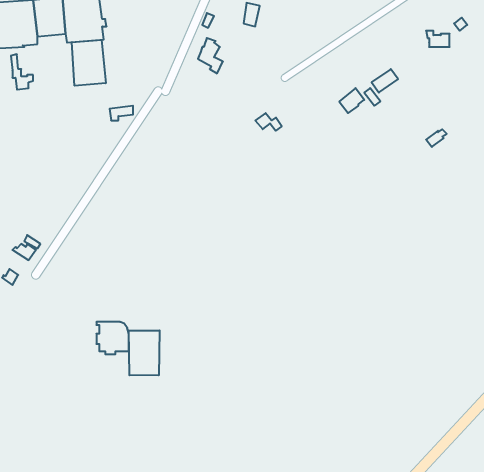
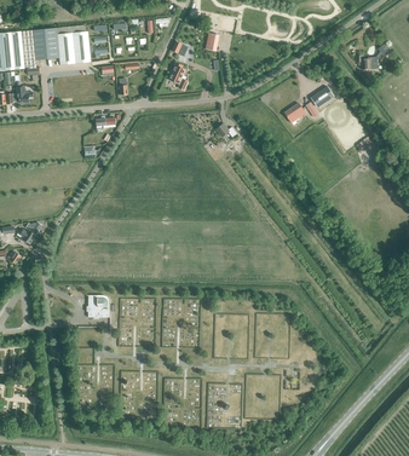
building: [72,40,106,86] -> none
building: [129,330,160,375] -> none

